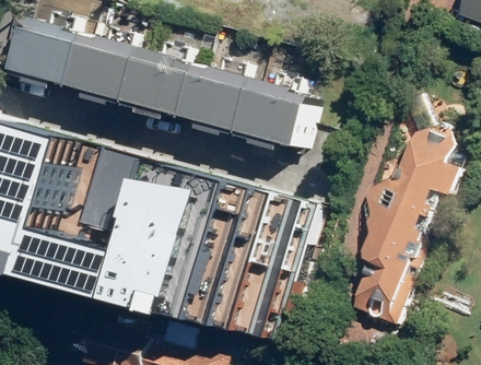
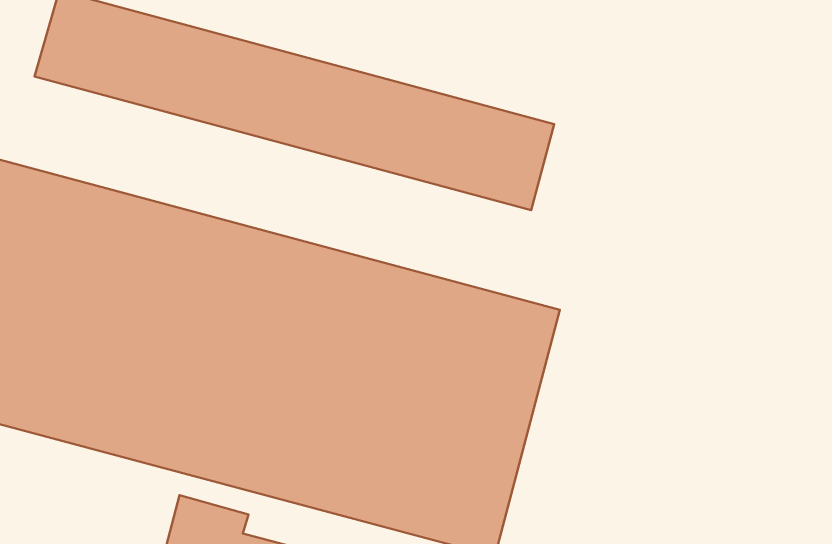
building: [348,127,459,325] -> none

